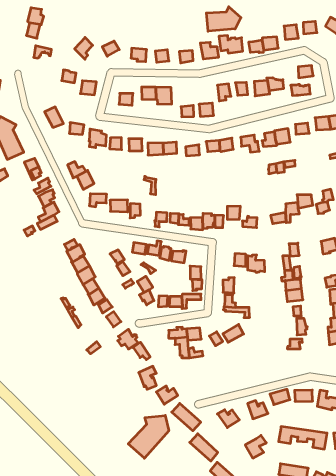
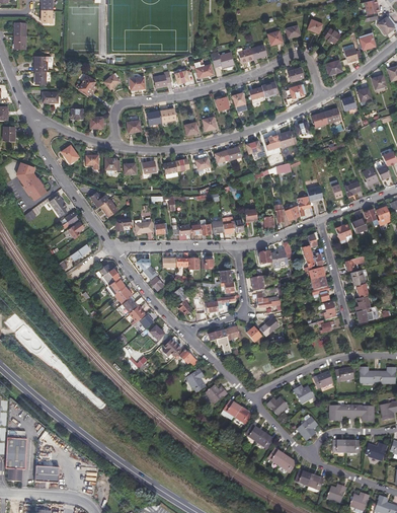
building: [206,7,241,31] -> none
building: [128,415,169,458] -> none

